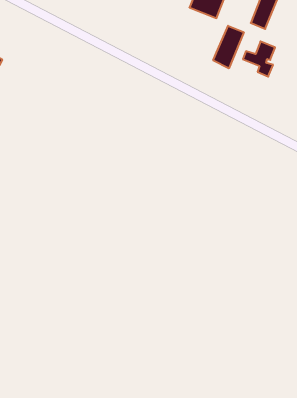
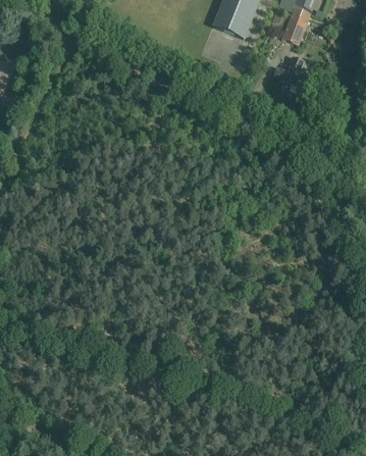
building: [213,26,244,68] -> none

